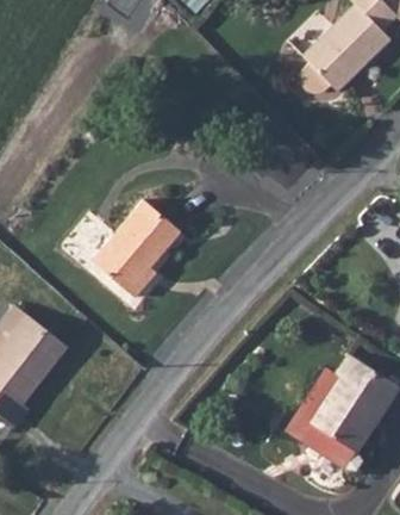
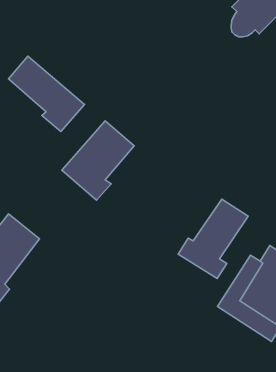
building: none -> [8,56,84,132]
building: none -> [178,199,248,278]

